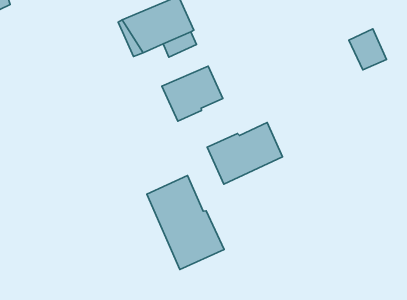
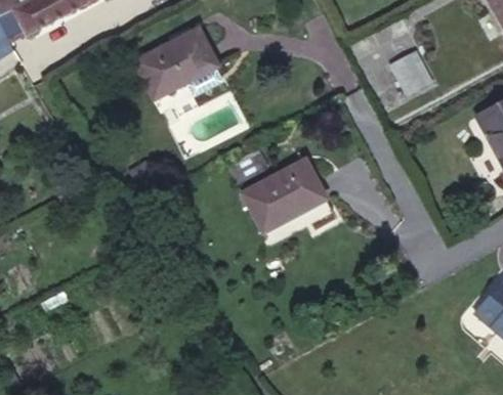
building: [162,66,223,121] -> none
building: [147,175,224,270] -> none

